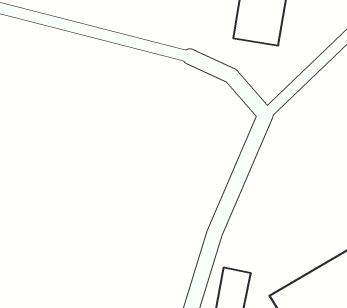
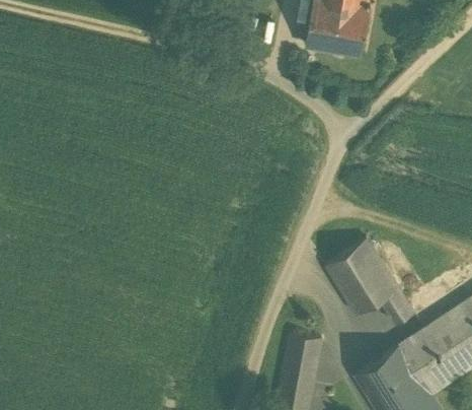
building: none -> [326,238,427,331]

